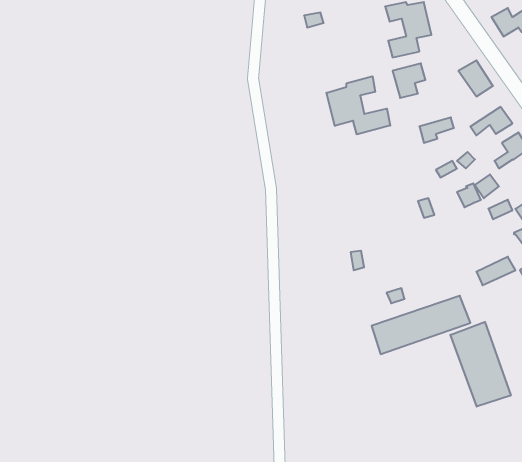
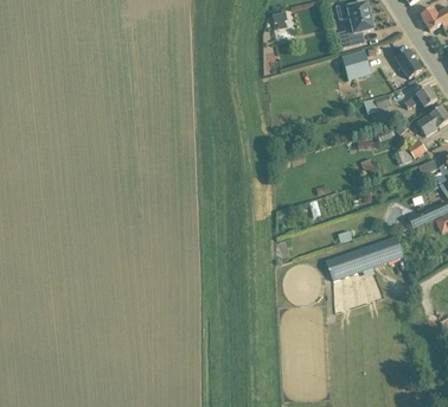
building: [326,76,390,134] -> none
building: [450,322,511,407] -> none

